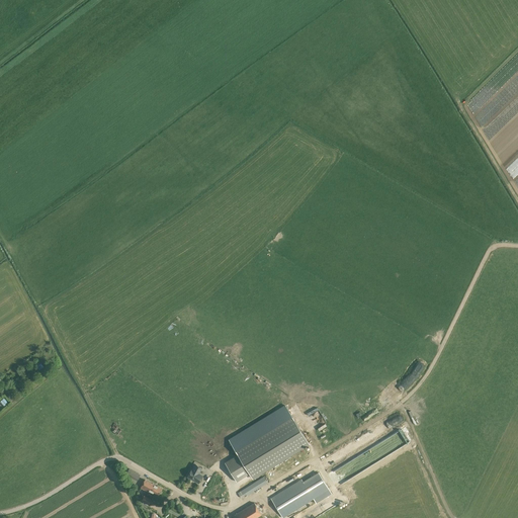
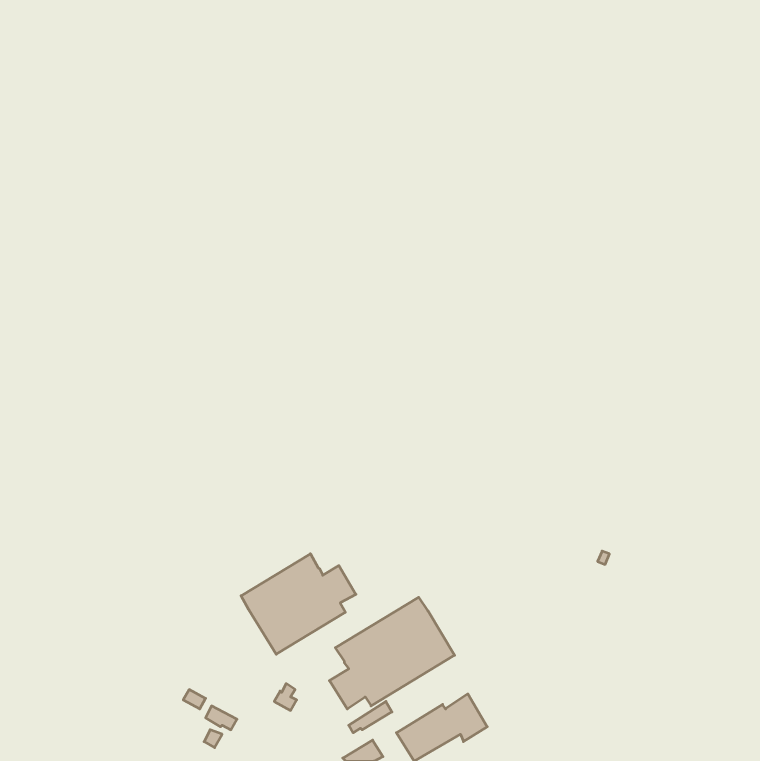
building: none -> [241,554,356,654]

